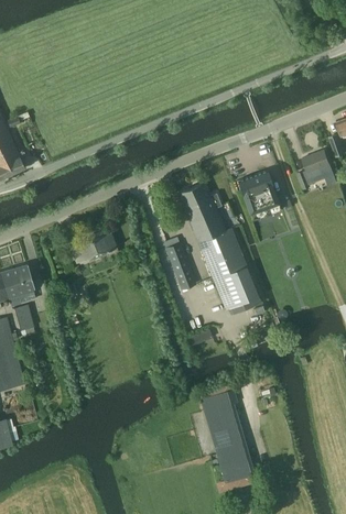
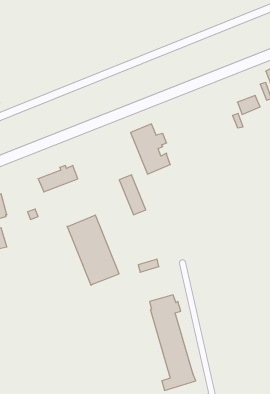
building: [237,171,281,220] -> none
building: [197,229,258,310] -> [67,215,119,285]

